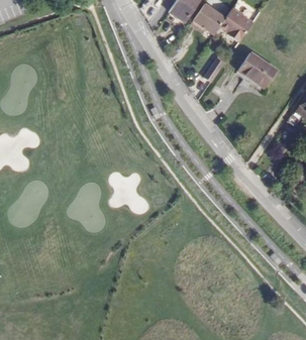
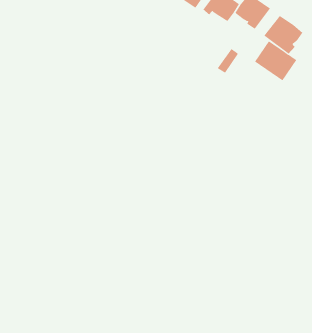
building: none -> [264,15,303,54]

